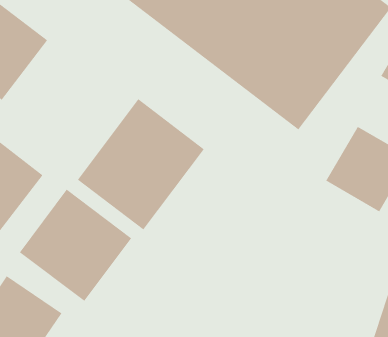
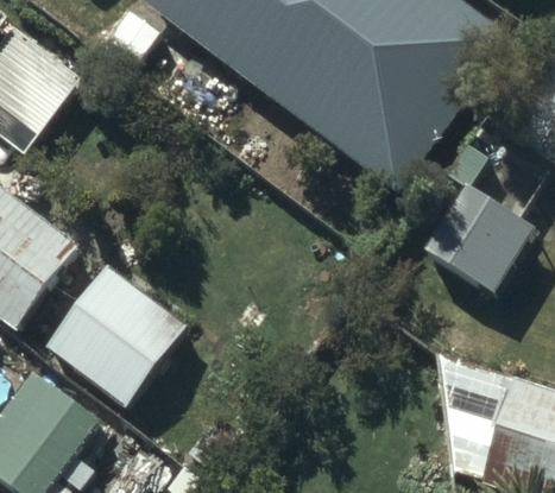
building: [77,98,205,230] -> none

